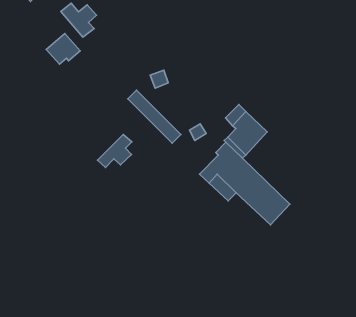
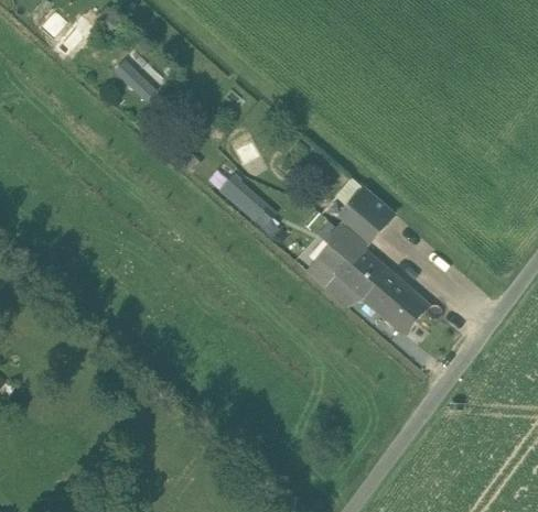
building: [46,33,80,64] -> none
building: [97,134,132,168] -> none

